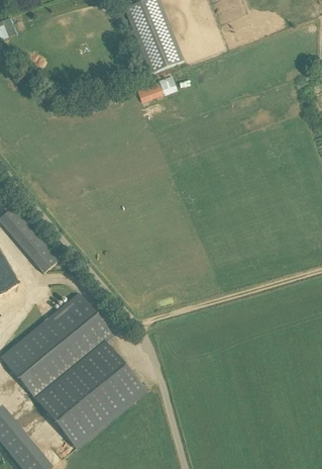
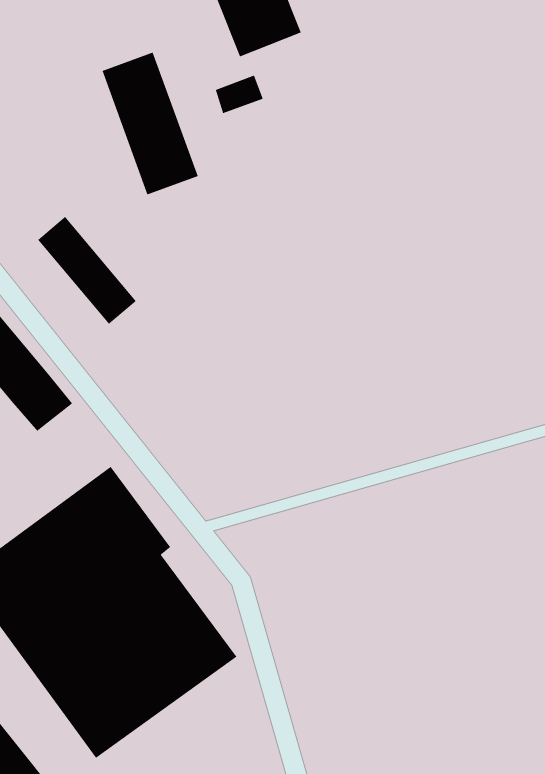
building: none -> [101,51,199,196]
building: none -> [37,216,137,325]

